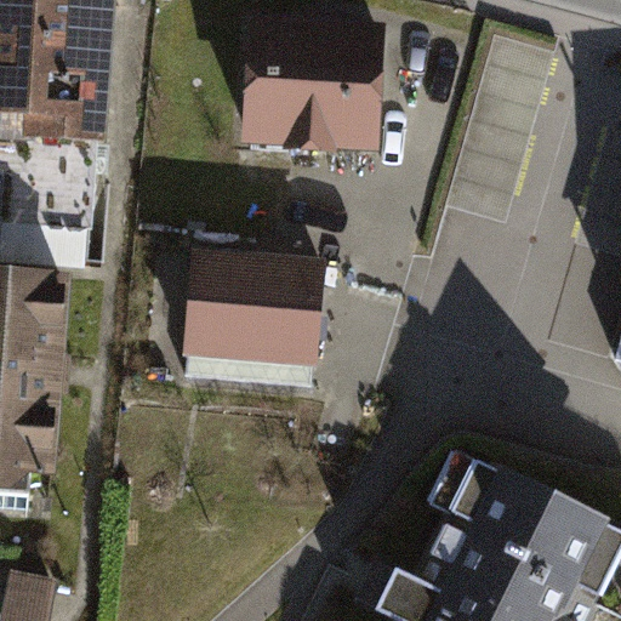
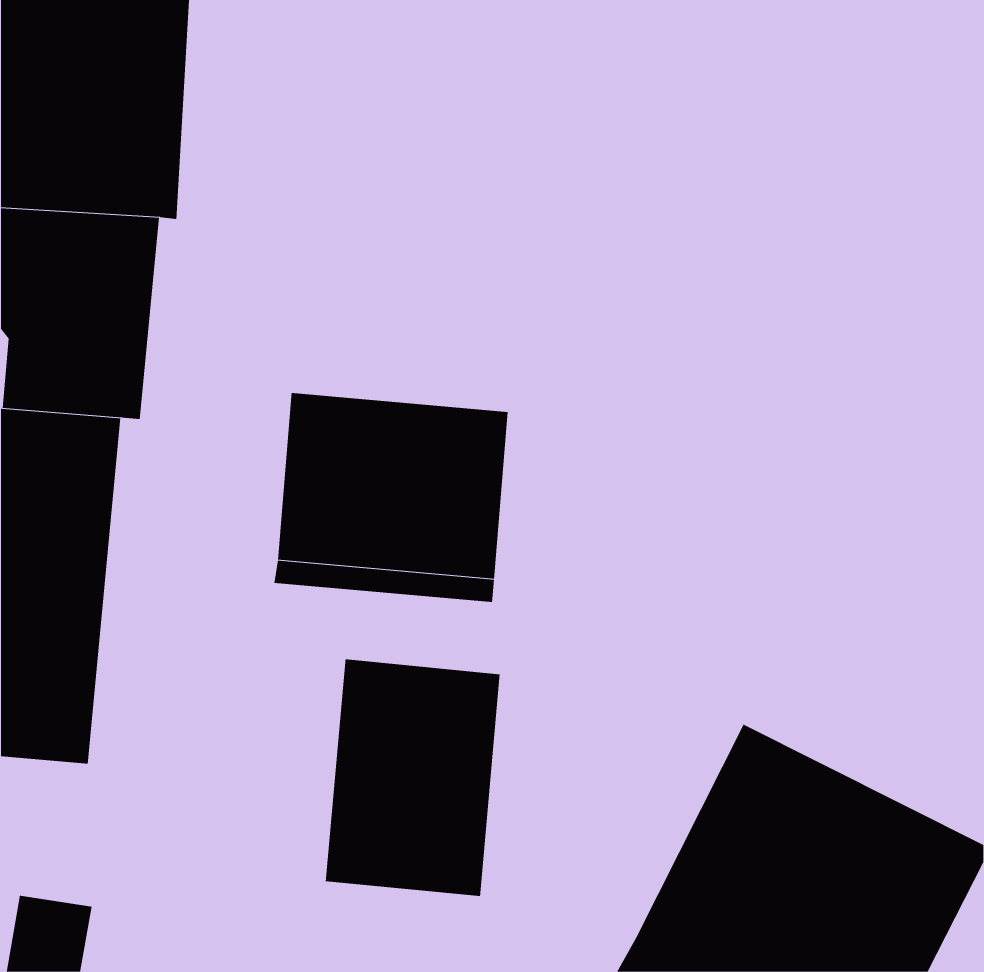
building: [238,13,377,153] -> none
building: none -> [325,659,500,897]

